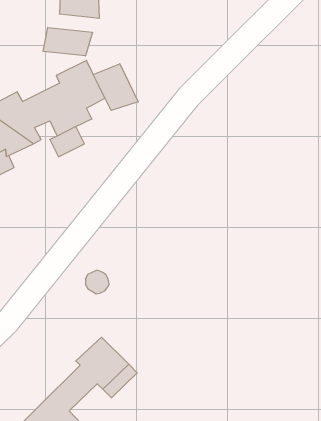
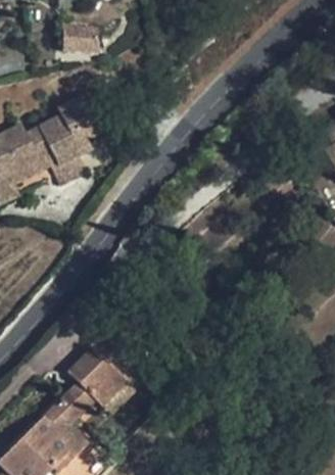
building: [43,27,92,56] -> none
building: [93,64,138,110] -> none

